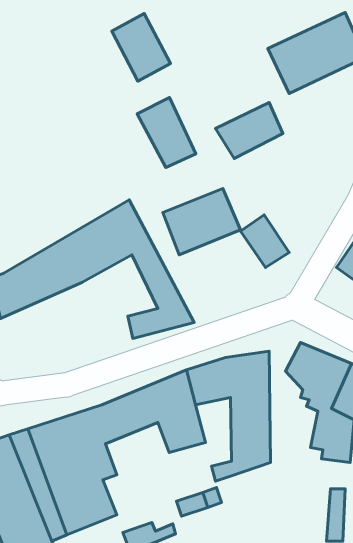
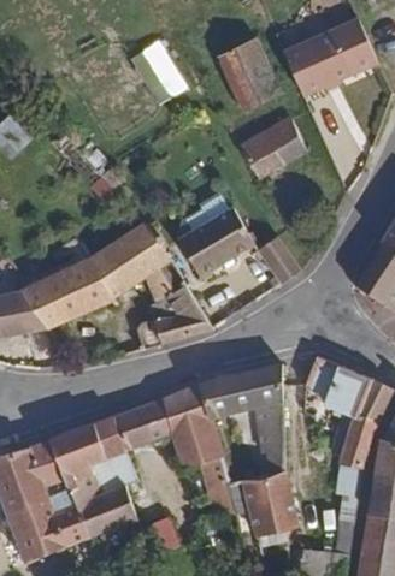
building: [137,98,196,168] -> [214,41,271,108]
building: none -> [247,469,306,538]

